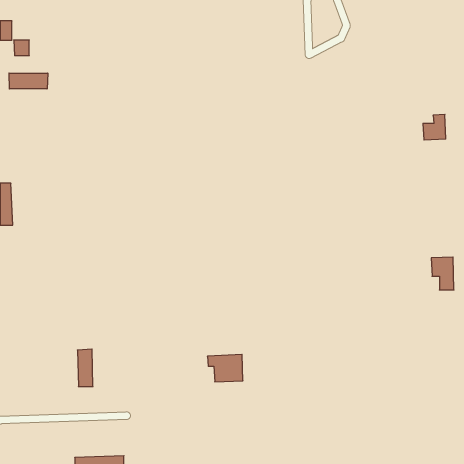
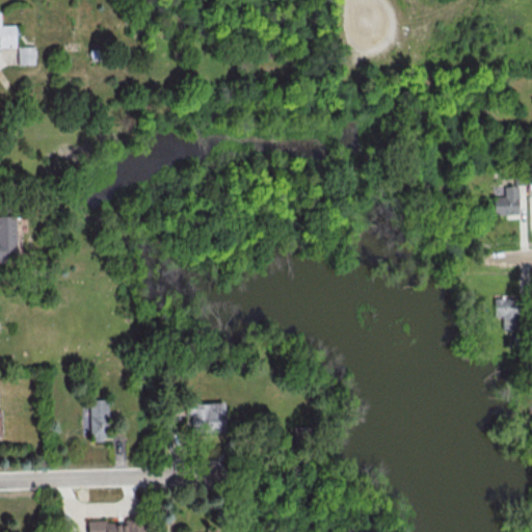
building: [9,73,48,89] -> none
building: [423,114,446,140] -> [493,187,518,216]
building: [207,354,243,382] -> [185,403,225,434]

